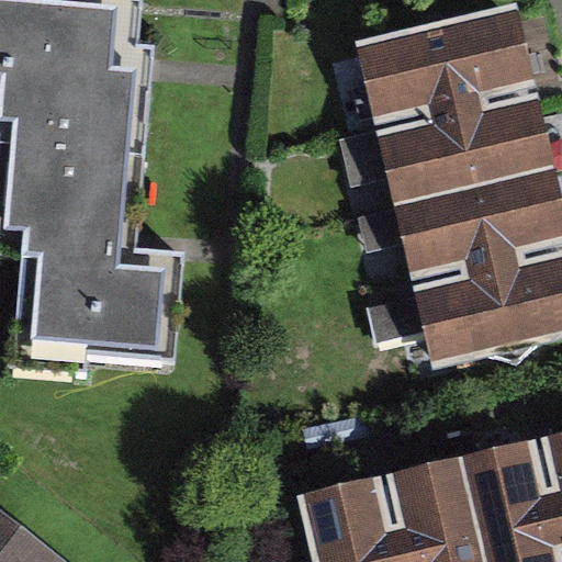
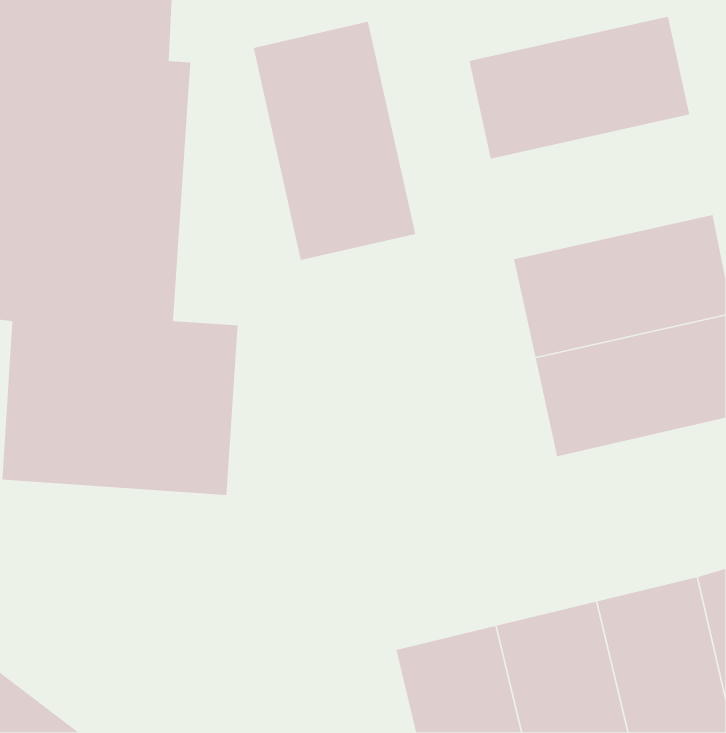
building: none -> [253,21,416,261]
building: [374,88,544,198] -> none

